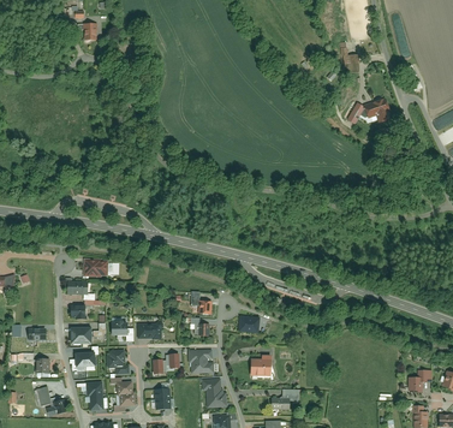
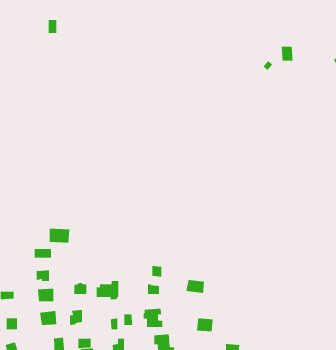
building: [344,100,391,125] -> none

